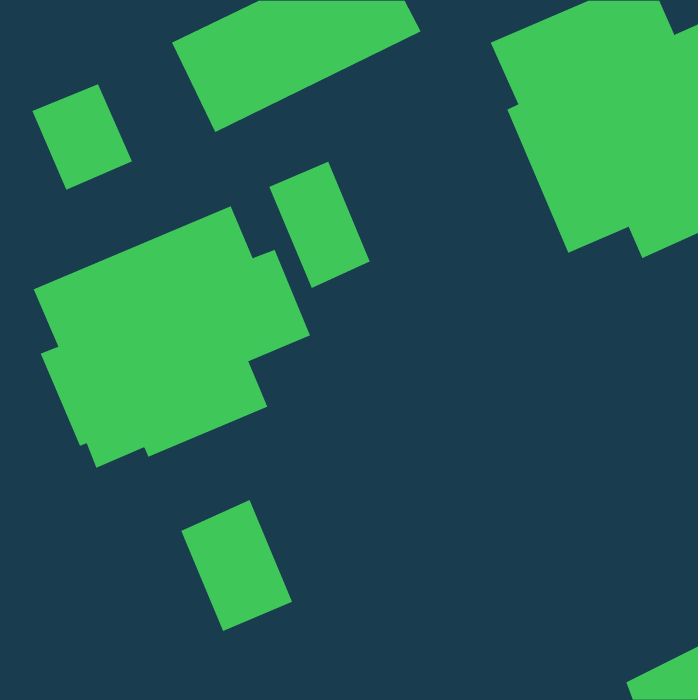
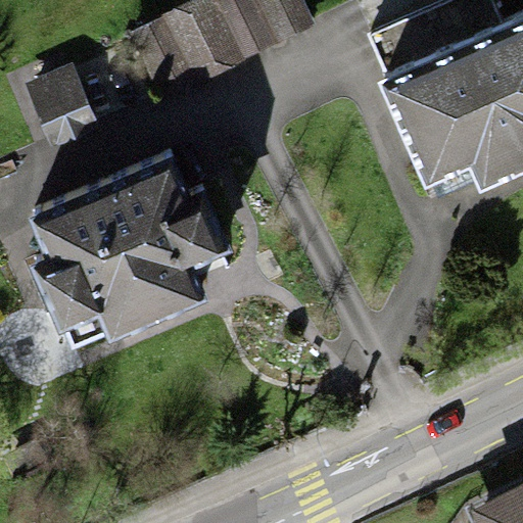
building: [268,161,371,289] -> none
building: [181,499,293,632] -> none

